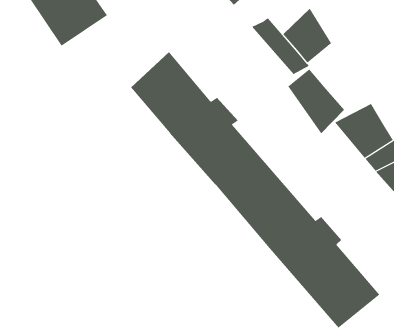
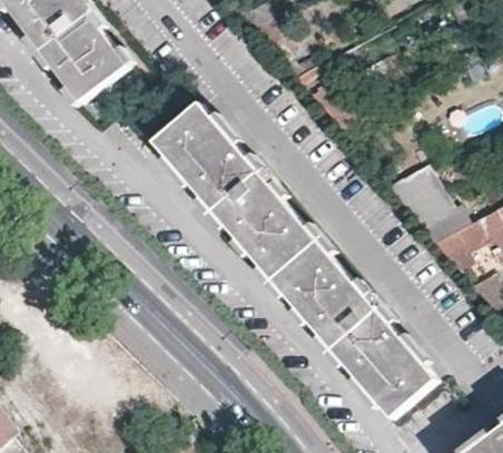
building: [283,8,332,63] -> none
building: [287,68,345,134] -> none

